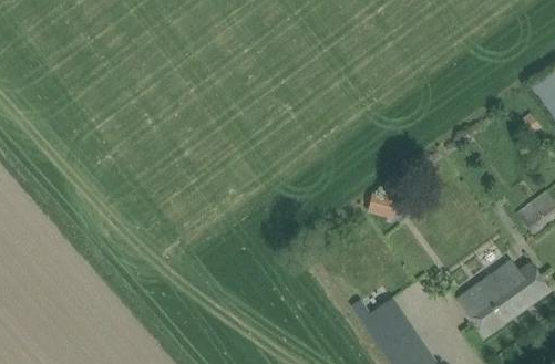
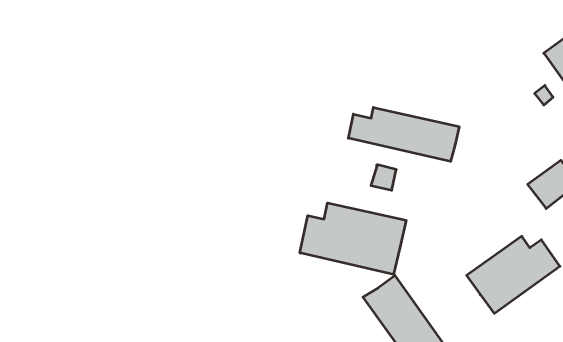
building: none -> [348,107,459,161]
building: none -> [300,203,406,274]

